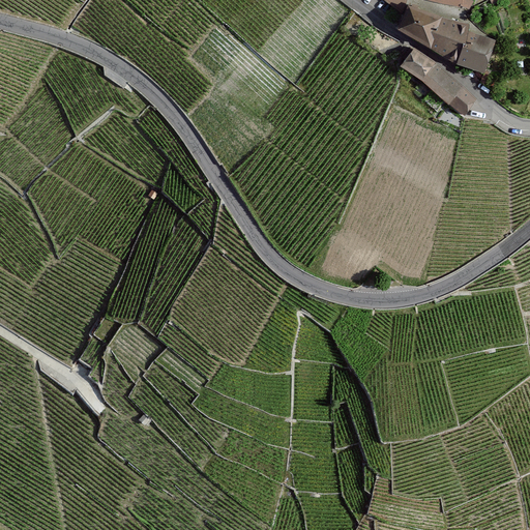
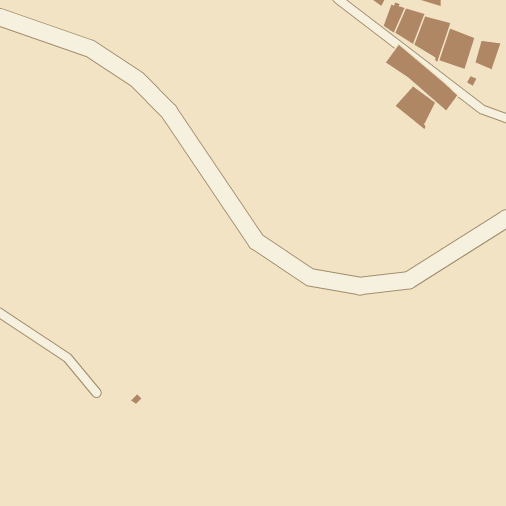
building: none -> [475,40,501,70]
building: none -> [394,86,436,130]

